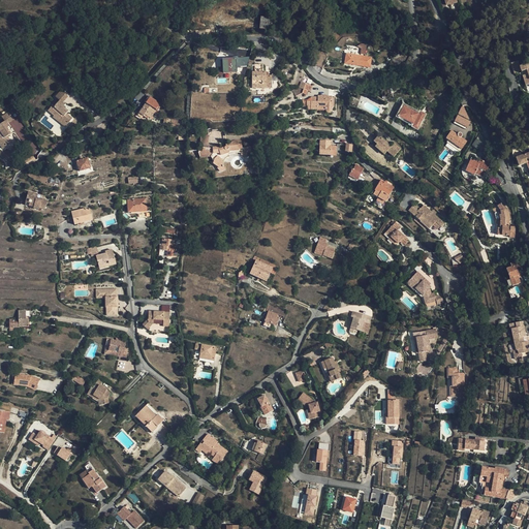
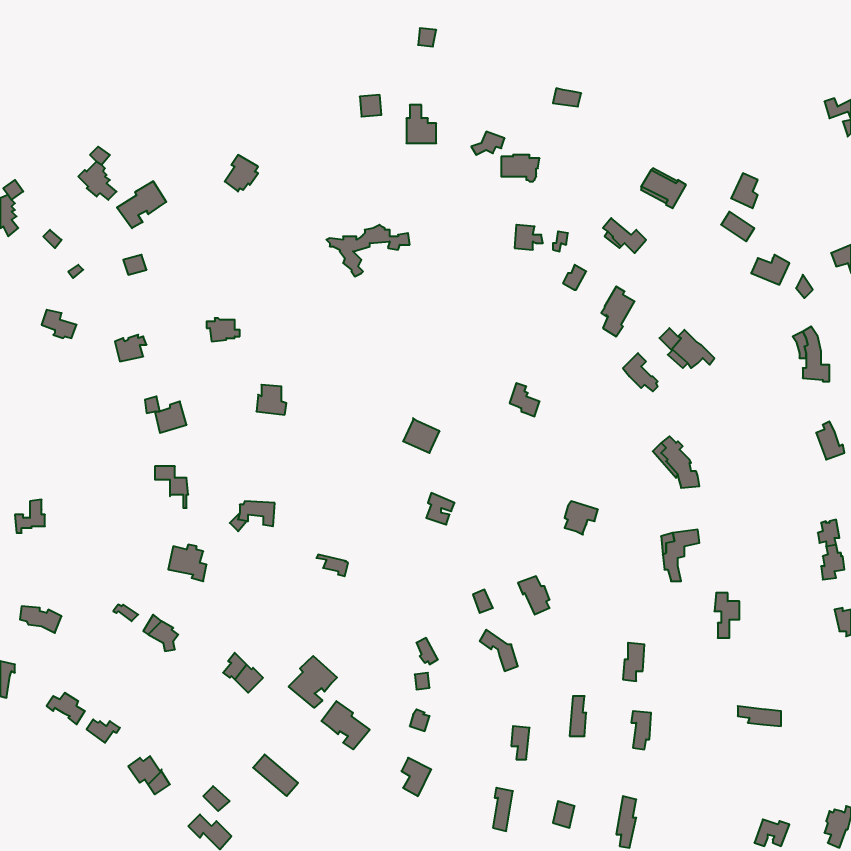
building: none -> [117,181,166,228]
building: none -> [289,656,337,708]
building: [479,466,509,498] -> none

